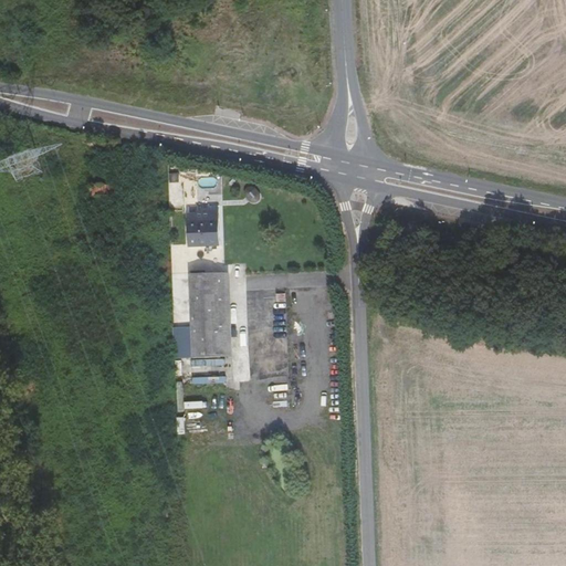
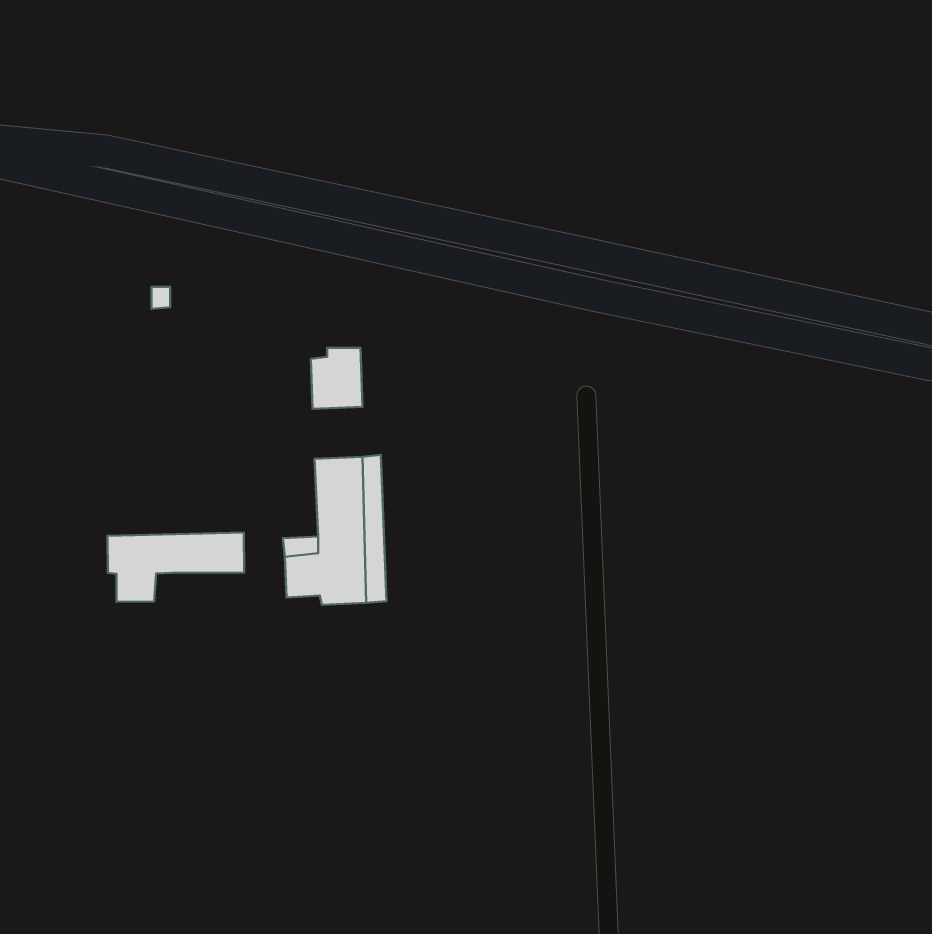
building: none -> [108,532,244,602]

